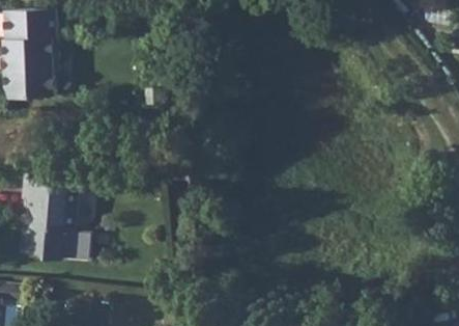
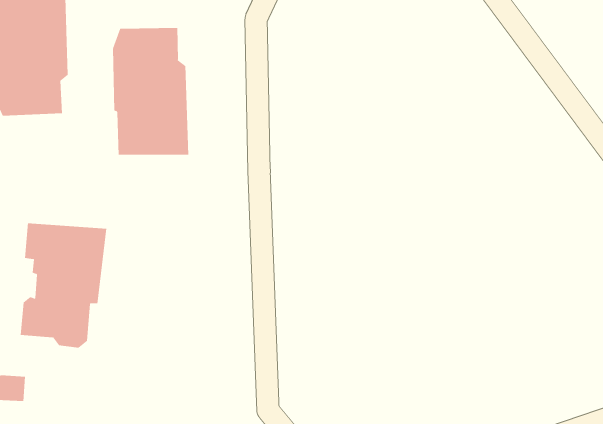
building: none -> [113,27,189,156]

